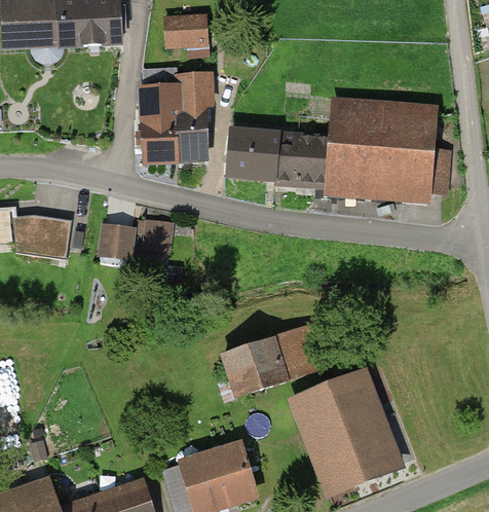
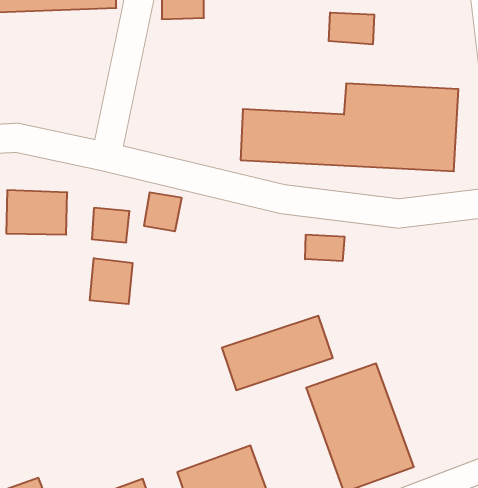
building: none -> [329,12,374,44]
building: [139,79,206,158] -> none
building: none -> [305,235,344,261]
building: none -> [90,258,132,304]

